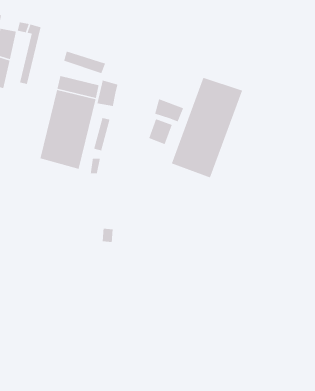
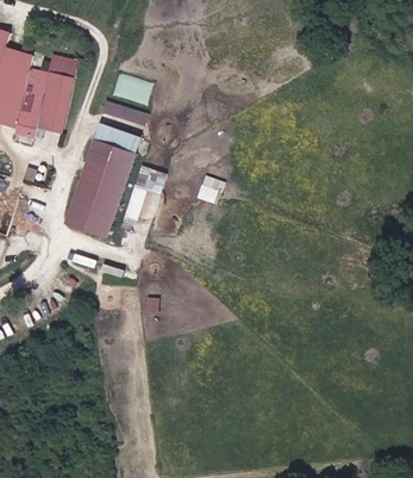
building: [171,77,243,178] -> none
building: [96,80,119,107] -> none
building: [154,98,184,123] -> none

